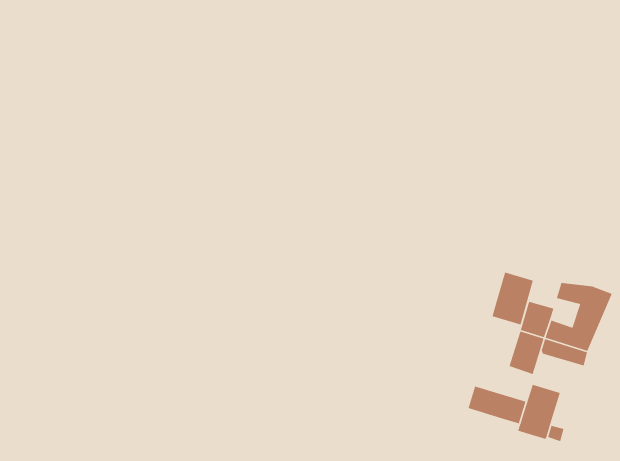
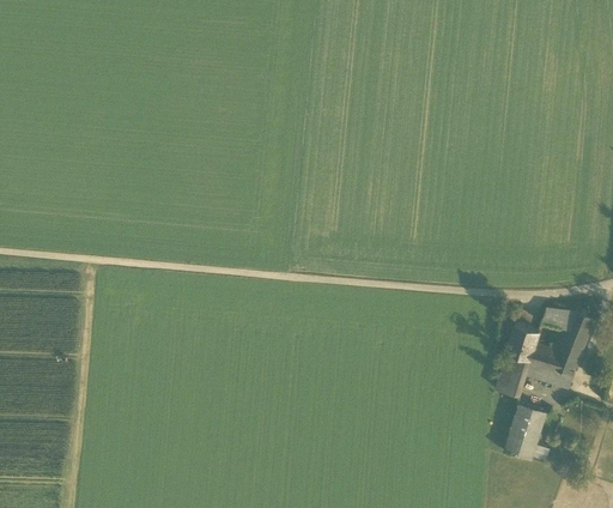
building: [492,272,534,326] -> none
building: [467,386,527,424] -> none

